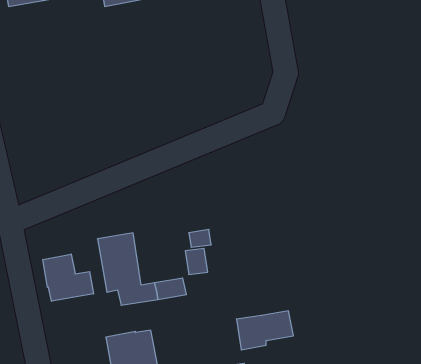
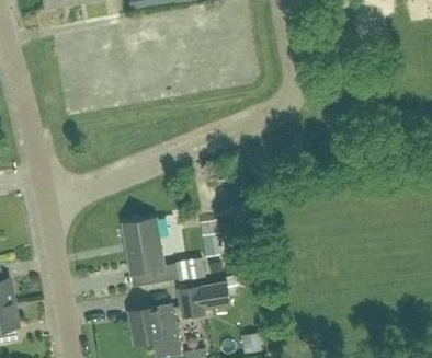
building: [43,254,93,301] -> none
building: [236,311,293,350] -> [180,284,232,320]

